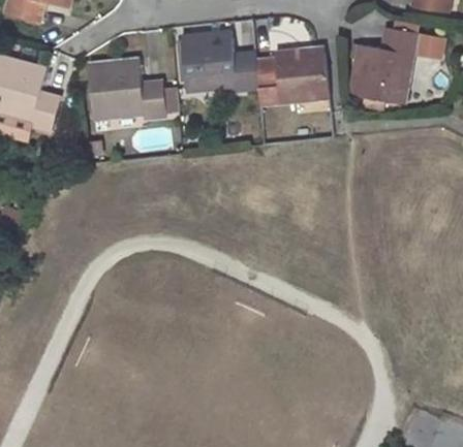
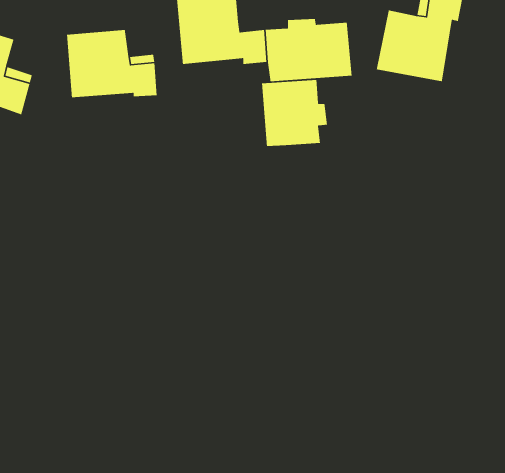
building: none -> [261,79,328,147]

